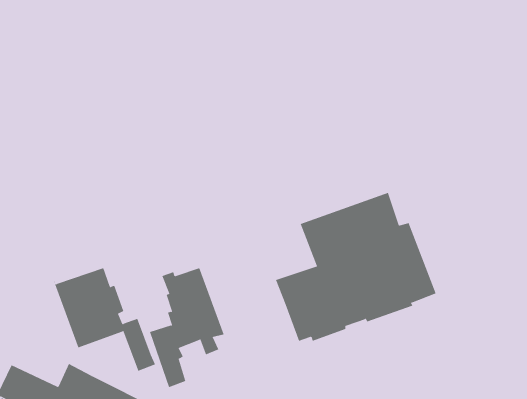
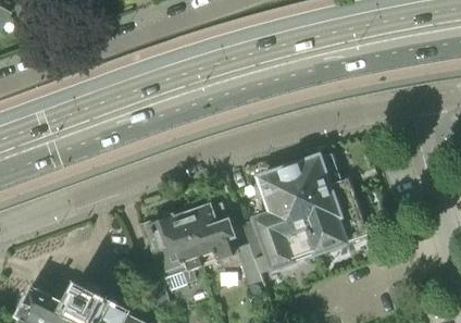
building: [53,267,156,371] -> [182,202,263,285]

